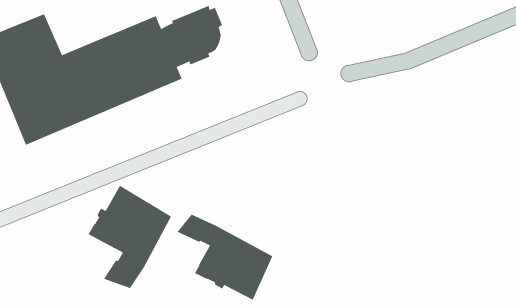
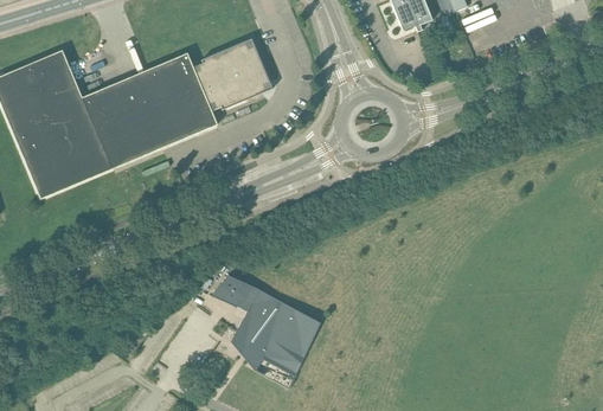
building: [88,185,172,289] -> none

